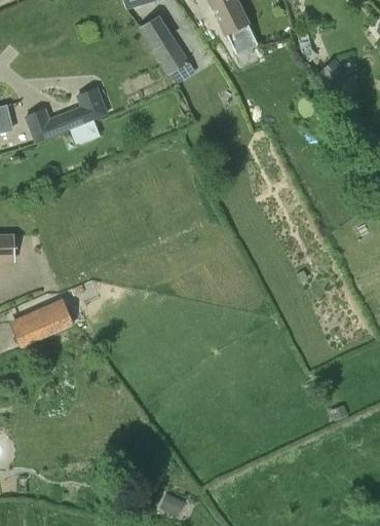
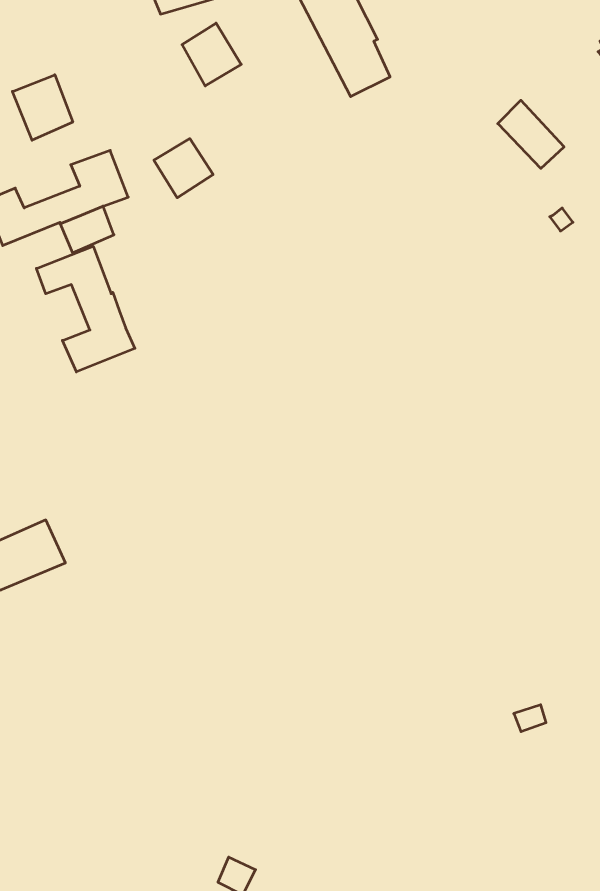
building: [154,41,188,75] -> [154,139,213,198]
building: none -> [12,75,73,140]
building: none -> [36,246,135,372]

